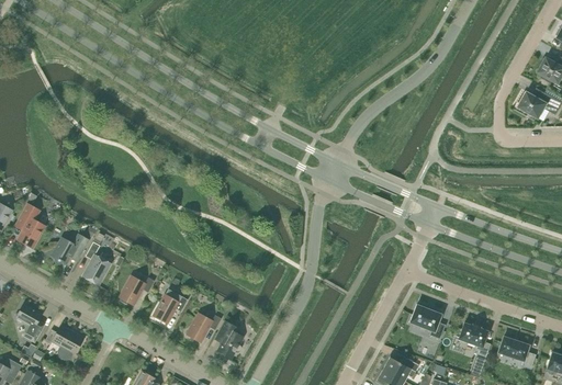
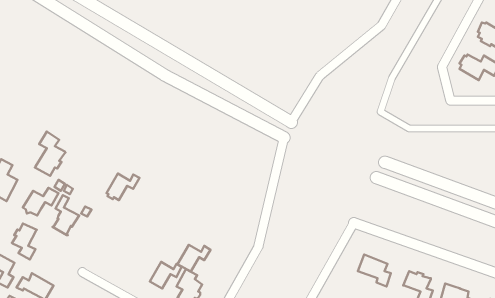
building: none -> [35,132,66,176]
building: none -> [12,223,37,260]
building: [120,276,155,305] -> [107,174,139,200]
building: [153,295,188,324] -> [178,245,210,271]

